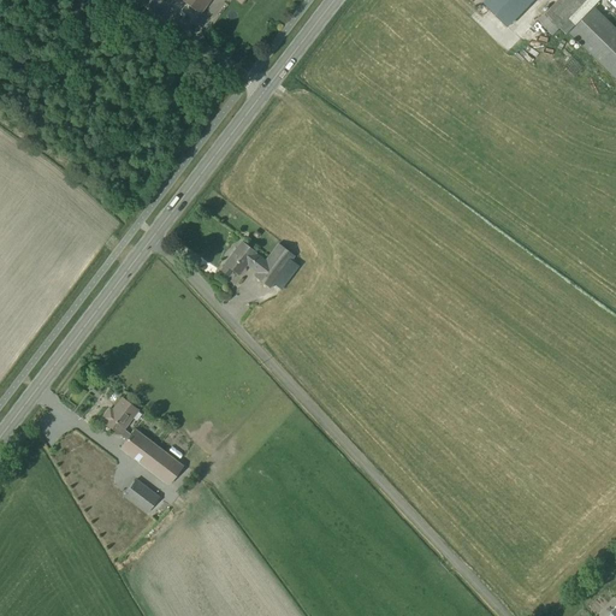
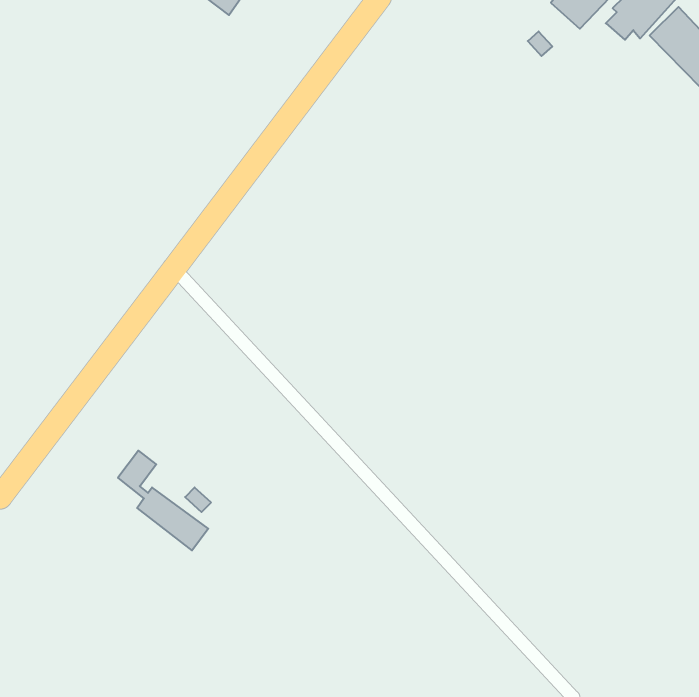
building: [223,241,296,286] -> none
building: [124,478,160,513] -> none

